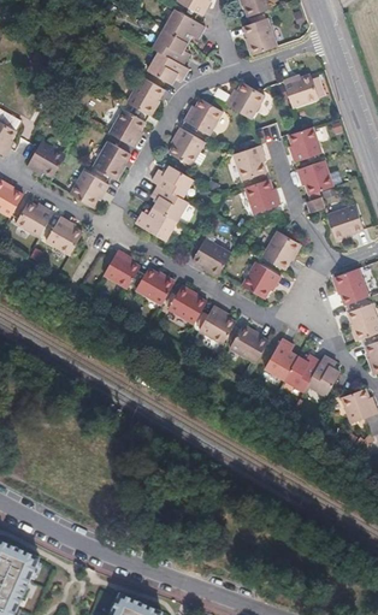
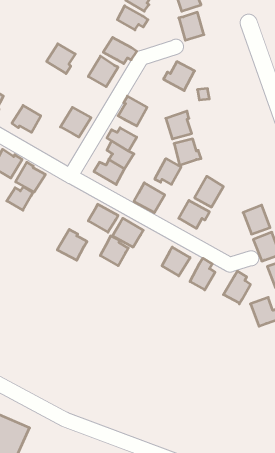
building: [154,28,191,64] -> none
building: [283,76,326,110] -> none
building: [183,96,223,136] -> none
building: [111,108,148,147] -> [47,44,75,74]
building: [288,128,321,164] -> none
building: [295,161,332,197] -> none
building: [70,170,111,207] -> none
building: [325,207,361,241] -> none
building: none -> [155,159,181,184]
building: none -> [7,187,33,210]
building: [96,246,135,285] -> [57,229,87,260]
building: [194,302,230,341] -> [100,236,128,266]
building: [279,351,318,389] -> none

